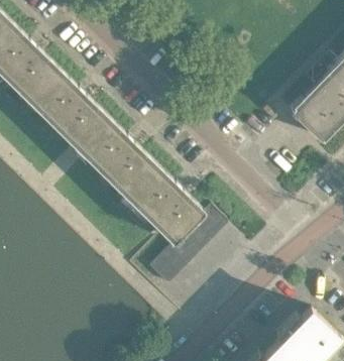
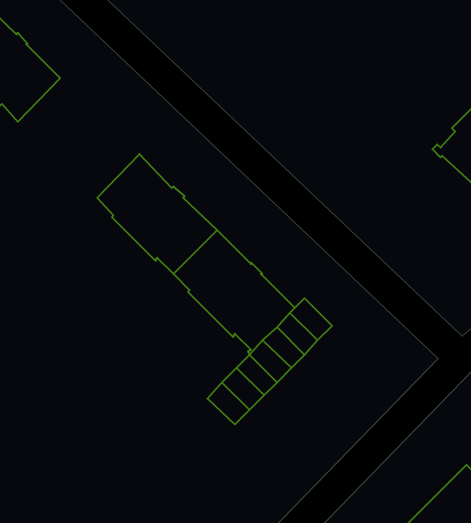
building: [29,69,105,143] -> none

